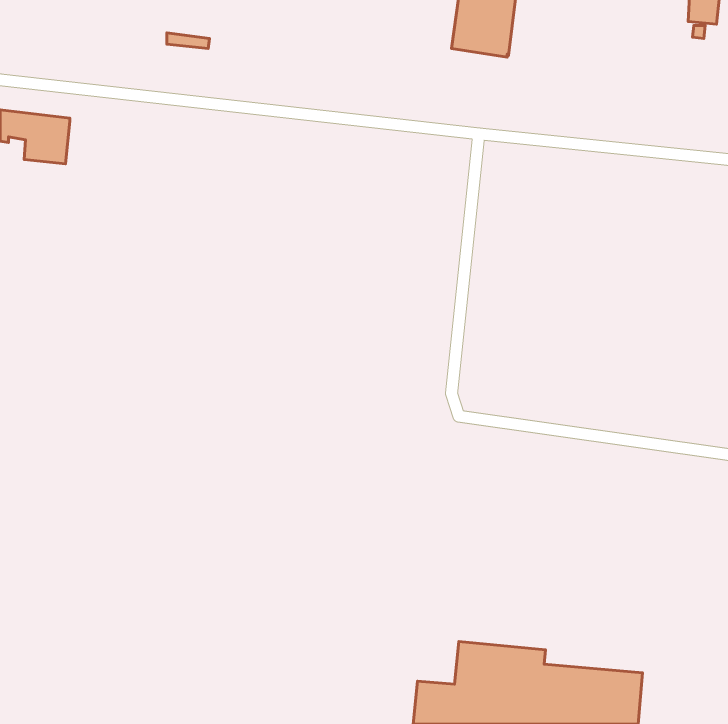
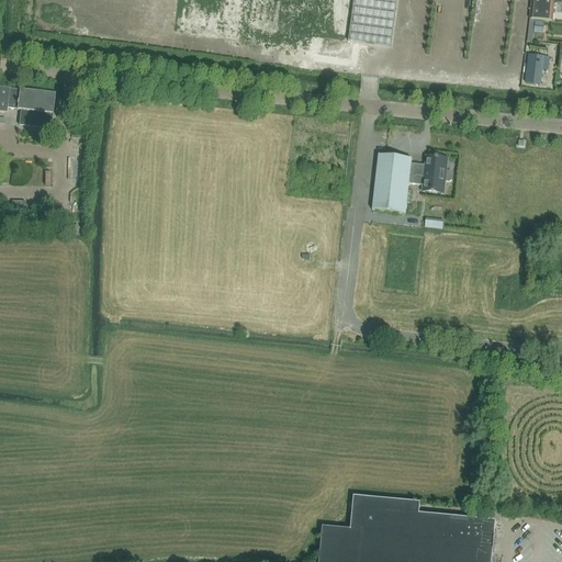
building: none -> [526,52,544,82]
building: none -> [372,153,452,212]

